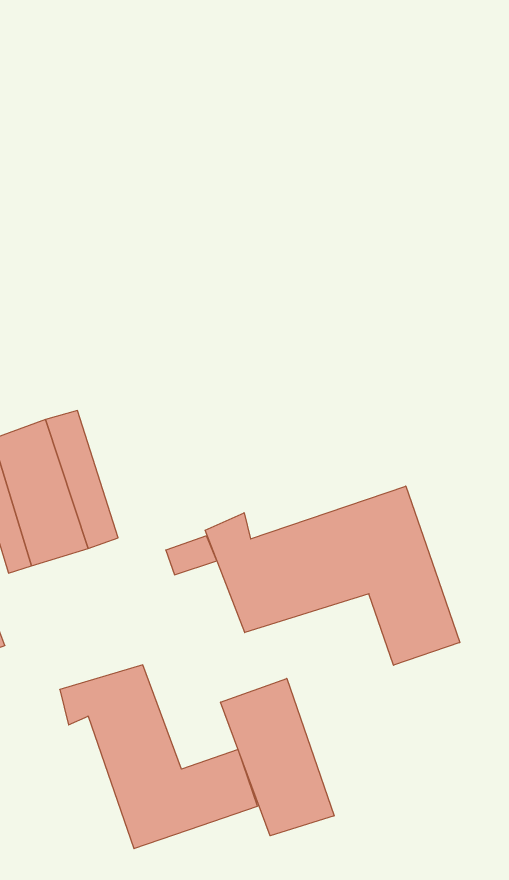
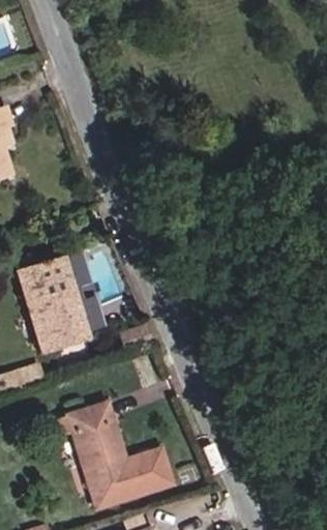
building: [205,486,460,665] -> none
building: [221,678,334,836] -> none

